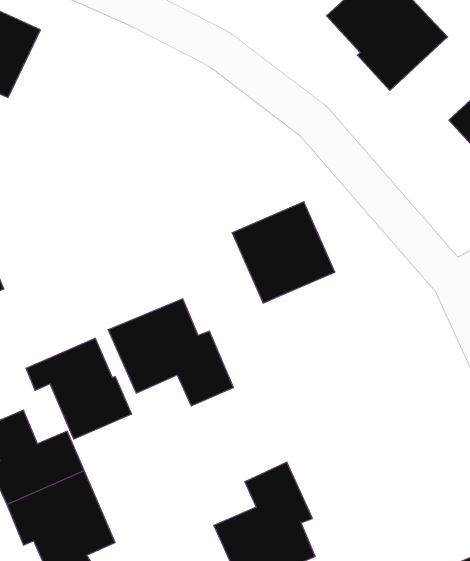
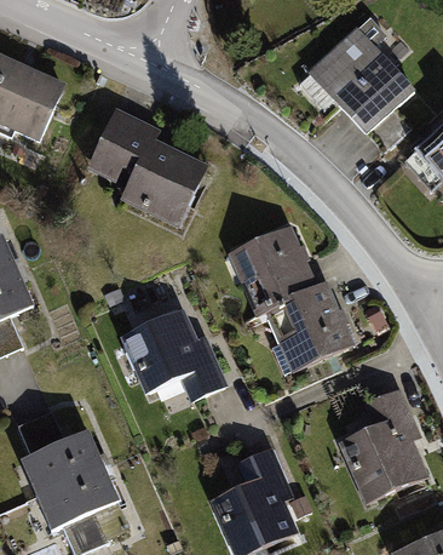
building: none -> [87,107,207,221]
building: none -> [266,284,355,372]
building: [26,338,132,439] -> none
building: none -> [339,395,426,504]

